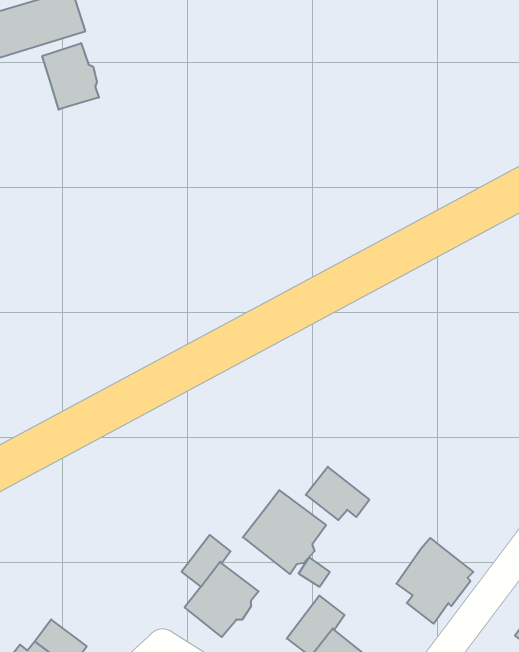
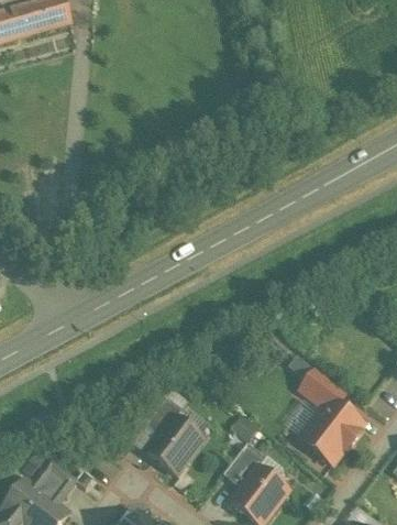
building: [42,43,99,110] -> none
building: [306,467,369,520] -> [299,368,346,407]
building: [243,490,326,574] -> none

